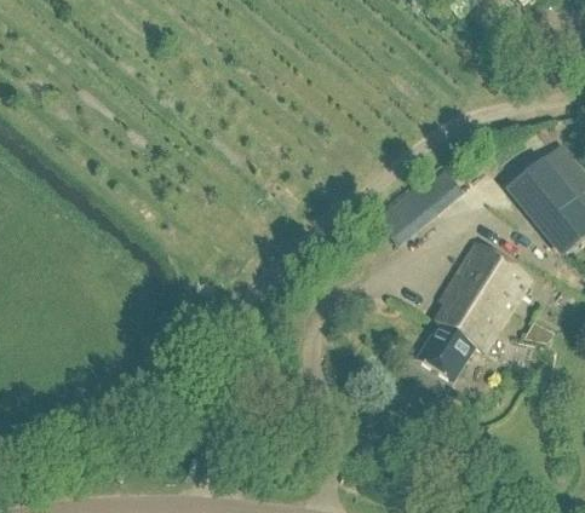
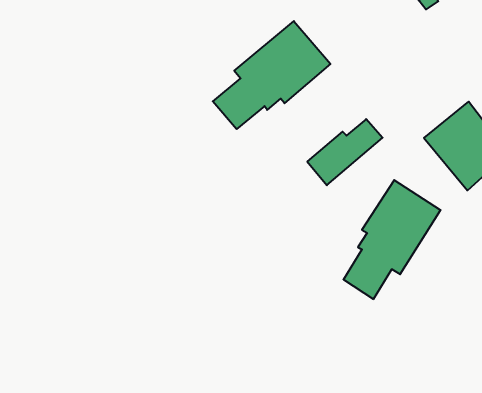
building: none -> [213,21,330,129]

